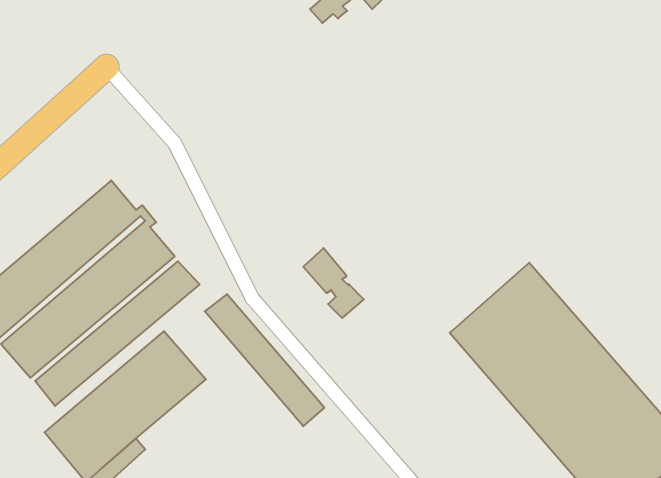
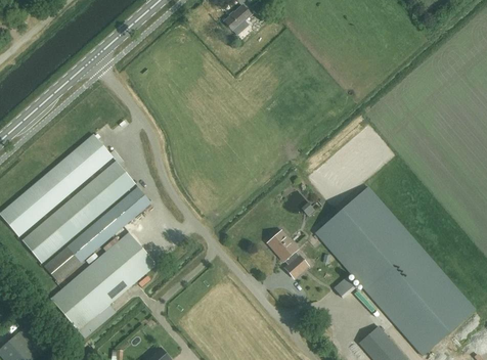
building: [303,248,364,318] -> [268,230,308,276]
building: [205,294,324,426] -> none

